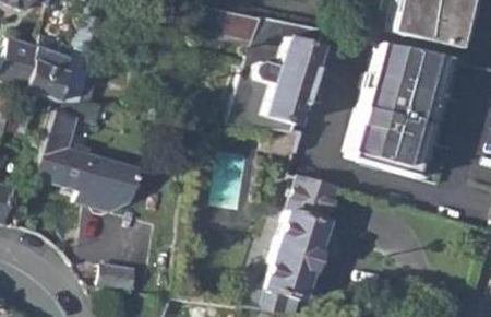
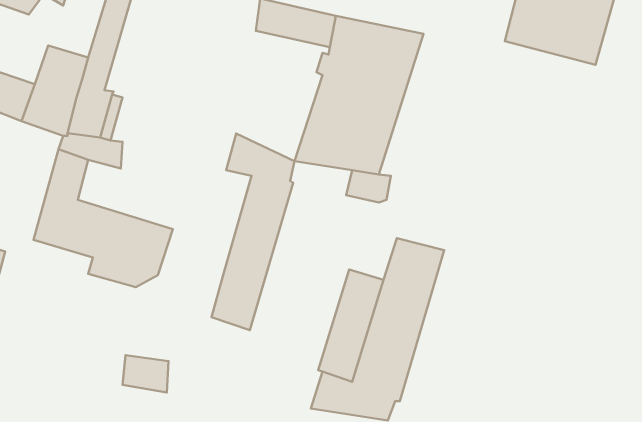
building: [350,39,457,174] -> none
building: none -> [212,133,294,330]

